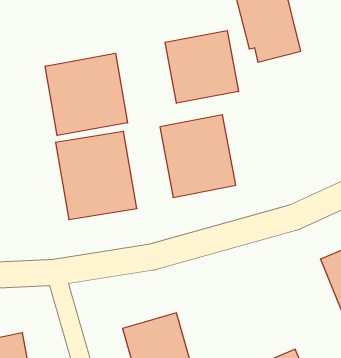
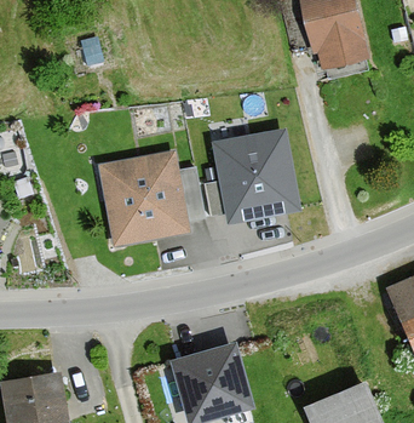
building: [165,31,239,103] -> none
building: [45,53,128,136] -> none

